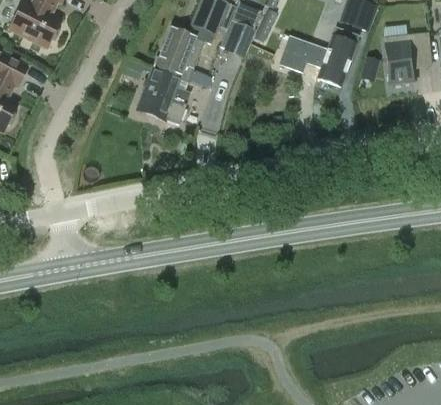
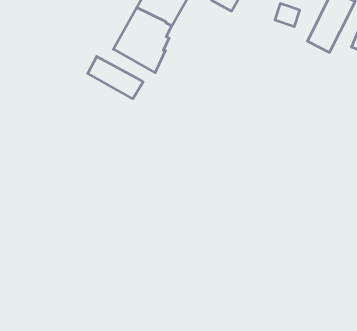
building: none -> [88,56,143,99]

